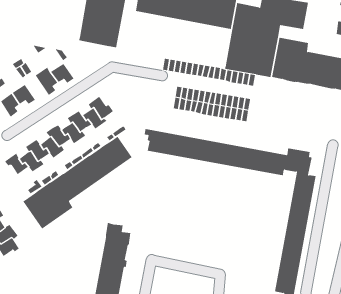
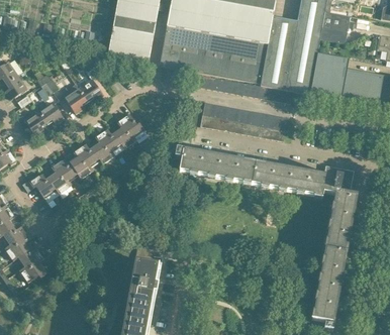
building: none -> [160,24,268,83]
building: [23,136,132,229] -> none

